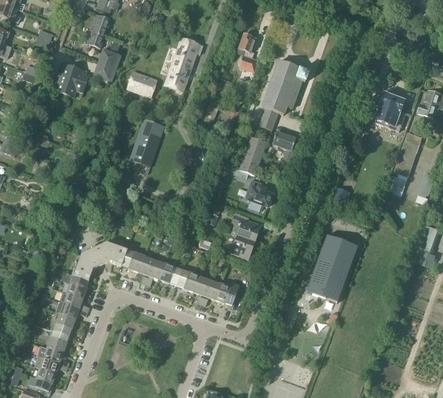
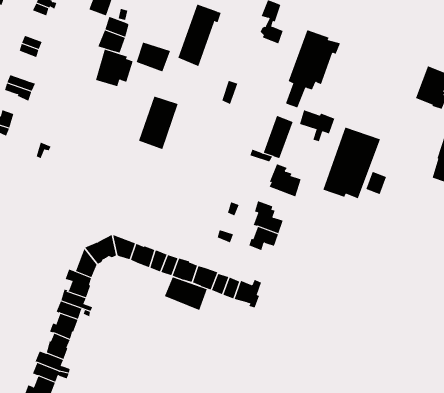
building: [54,63,88,97] -> [95,49,133,87]
building: [305,235,357,302] -> [322,127,381,202]
building: none -> [164,276,208,311]

